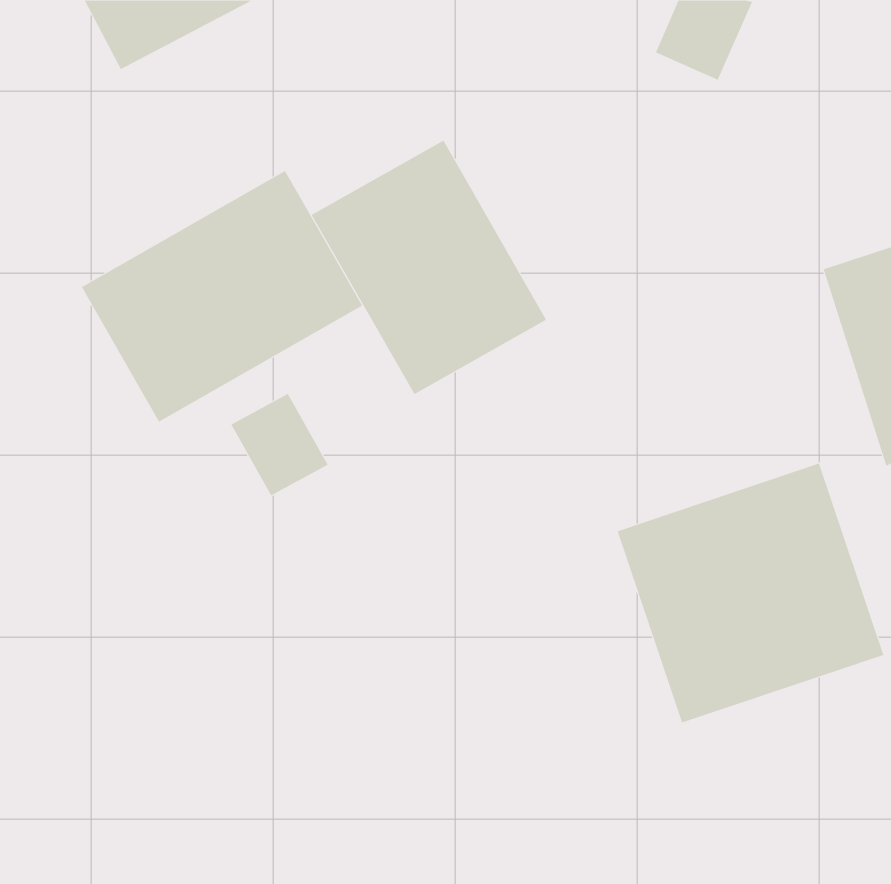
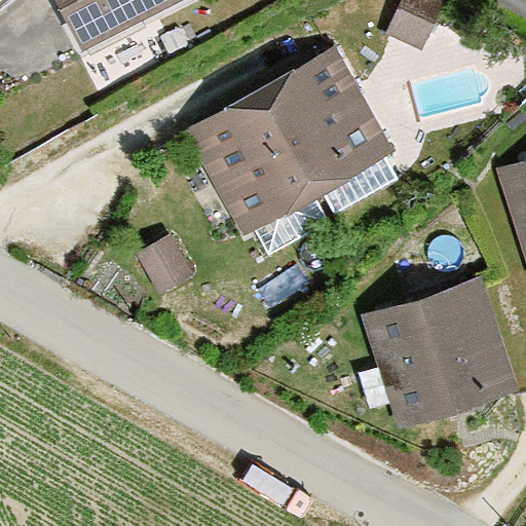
building: none -> [262,45,396,193]
building: [81,170,363,423] -> none

